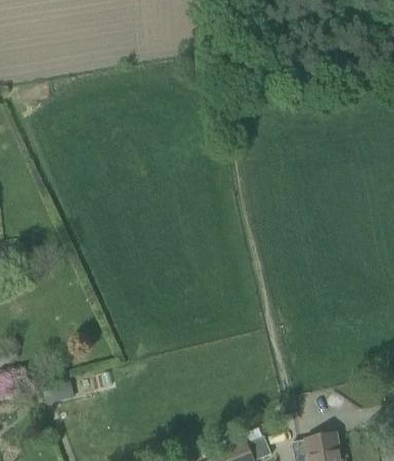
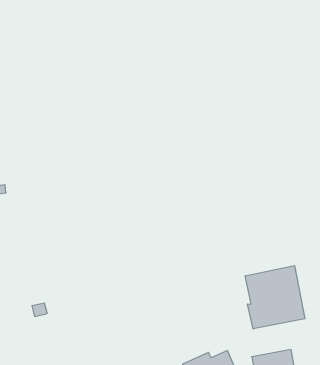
building: none -> [245,266,305,329]

